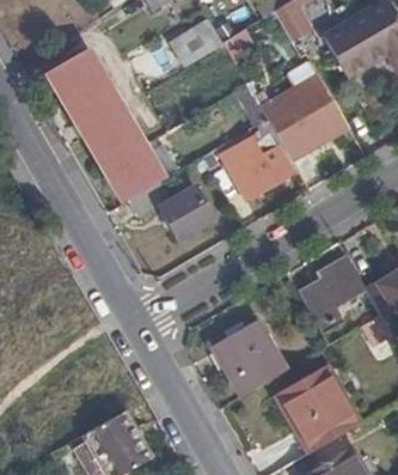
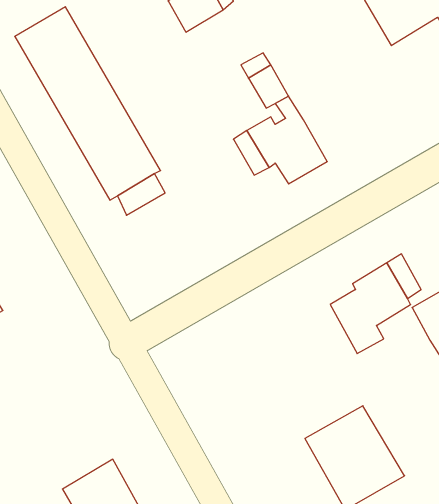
building: [277,72,349,188] -> none
building: [157,188,209,239] -> none
building: [213,321,284,396] -> none

